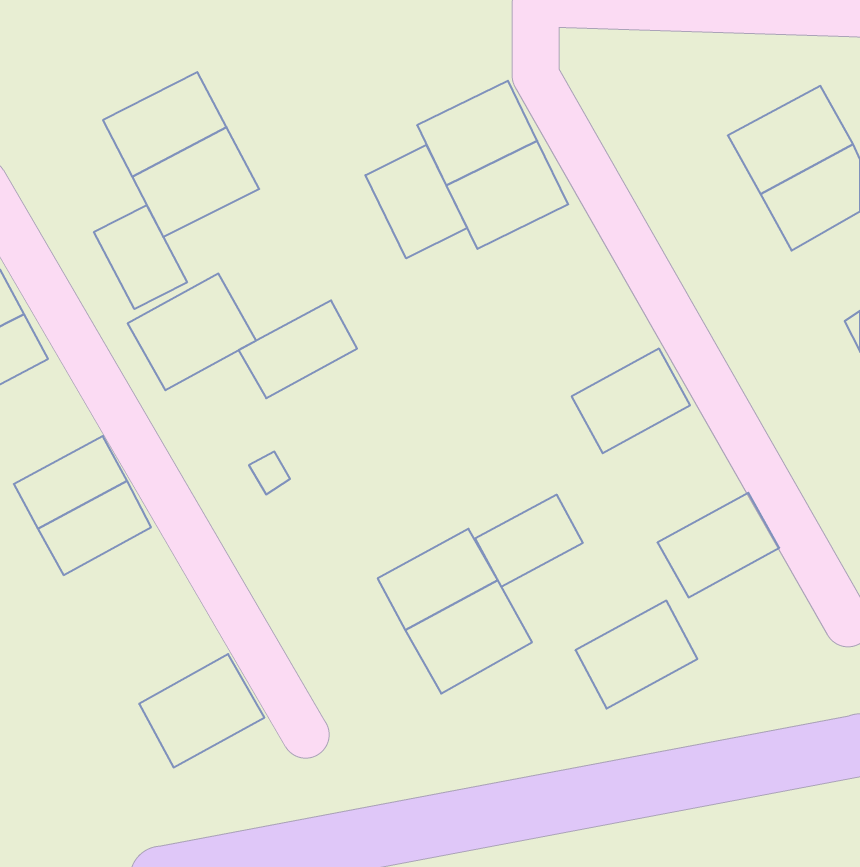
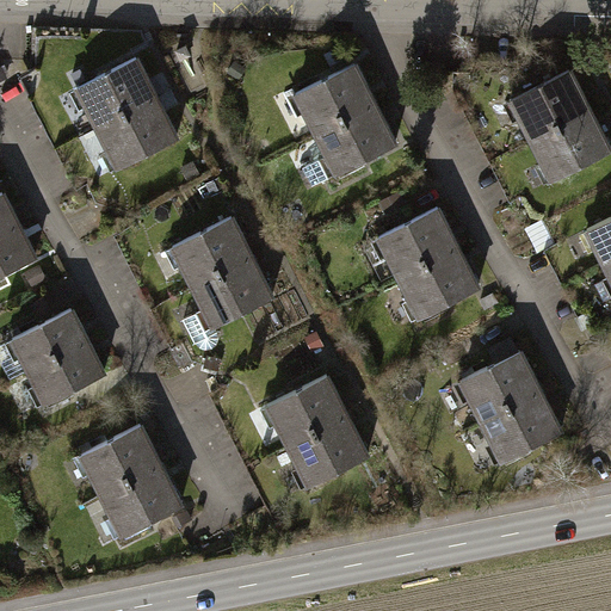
building: [365,145,467,258] -> none
building: [94,205,187,309] -> none
building: [128,274,256,390] -> [185,249,274,331]
building: none -> [375,209,458,283]
building: [475,495,583,587] -> none
building: [575,601,697,709] -> [479,388,563,463]
building: none -> [76,426,159,496]

